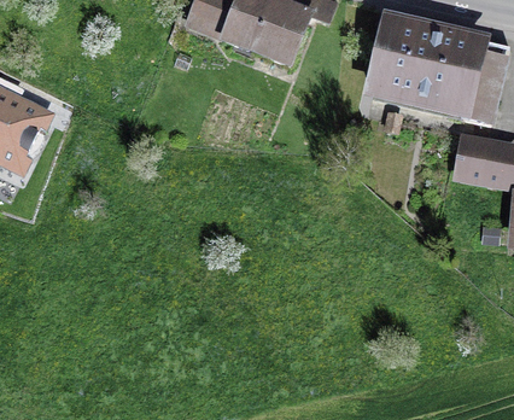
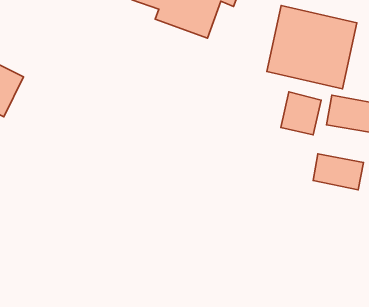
building: none -> [281,92,321,135]
building: none -> [313,154,364,190]

